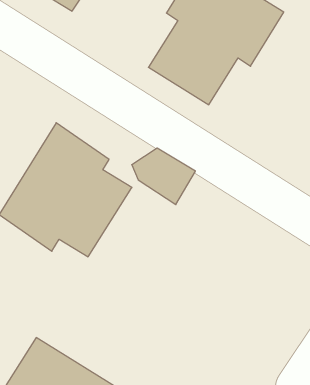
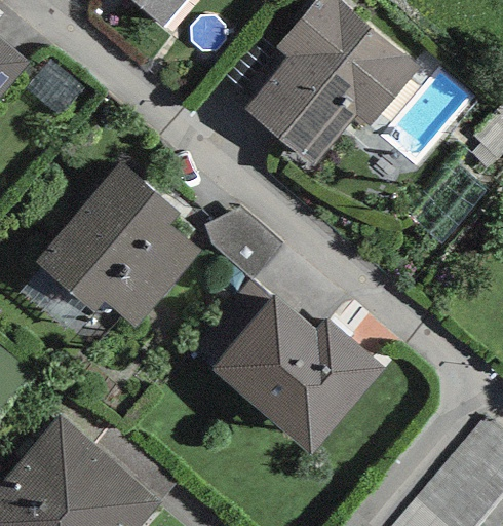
building: none -> [212,295,385,454]

